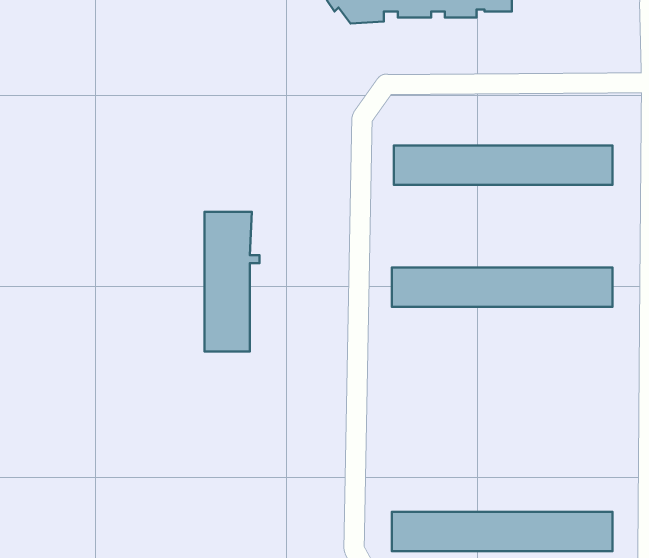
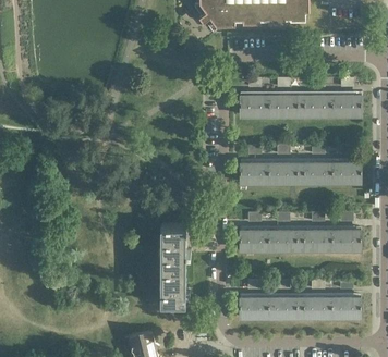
building: [204,212,260,352] -> [161,225,192,303]
building: none -> [240,229,362,250]

